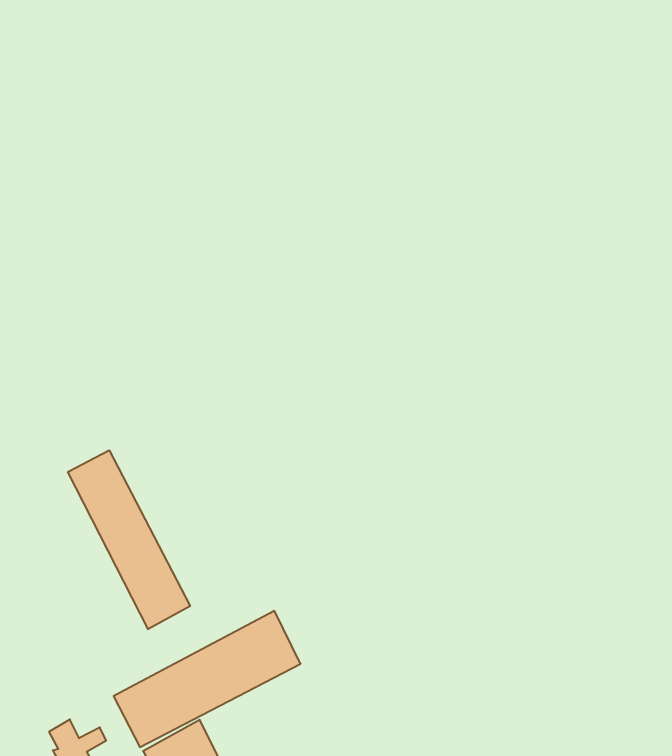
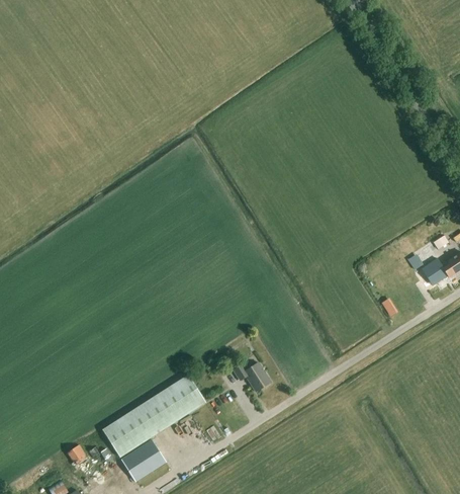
building: [68,450,190,629] -> none
building: none -> [233,361,271,391]

